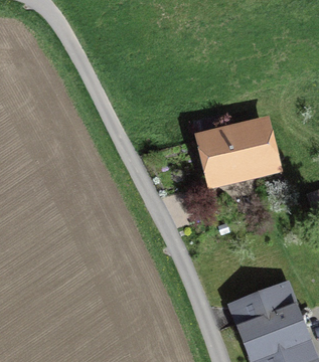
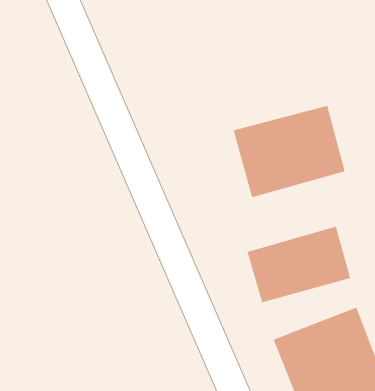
building: none -> [247,226,351,303]

